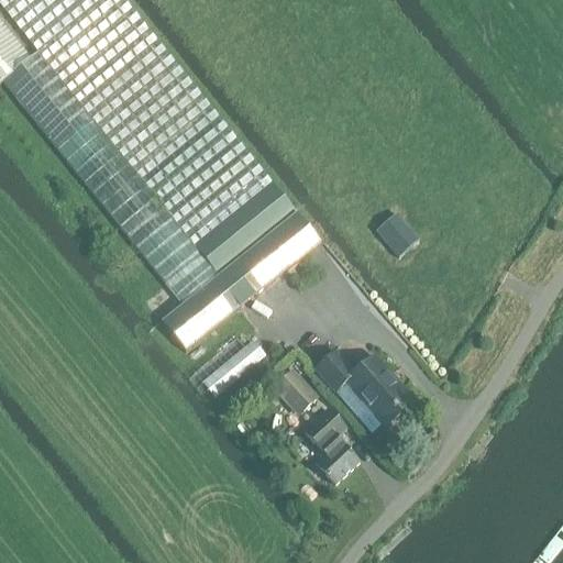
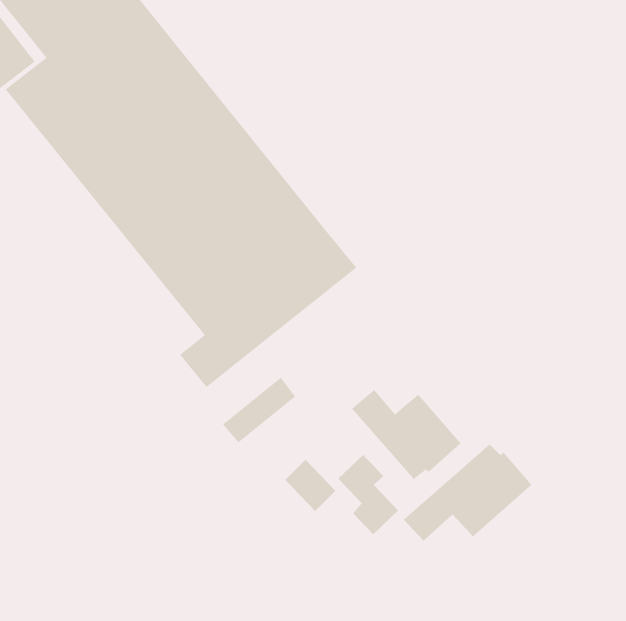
building: [376,210,418,253] -> none
building: [271,366,317,413] -> [285,459,336,512]
building: none -> [403,443,532,541]

